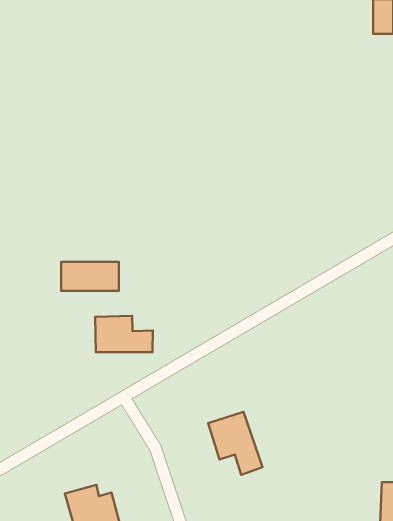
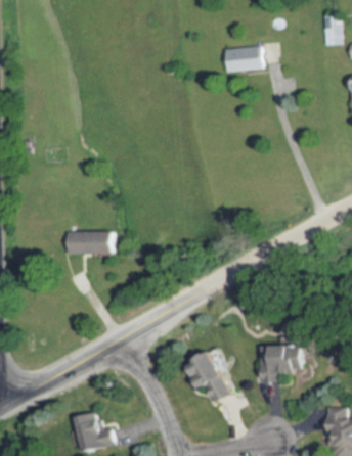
building: none -> [220,45,269,70]
building: [95,316,153,352] -> none
building: none -> [258,344,306,378]

